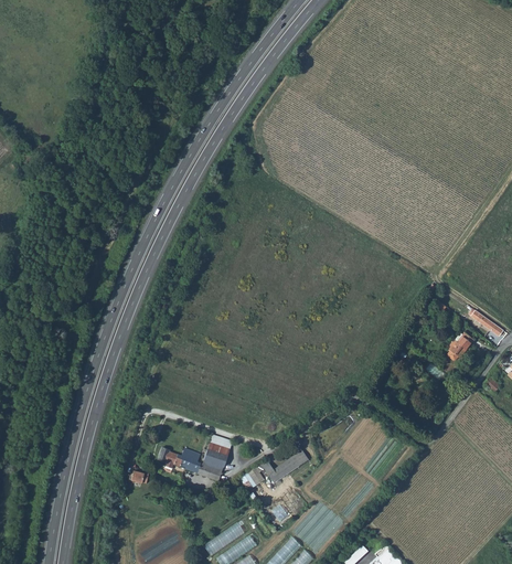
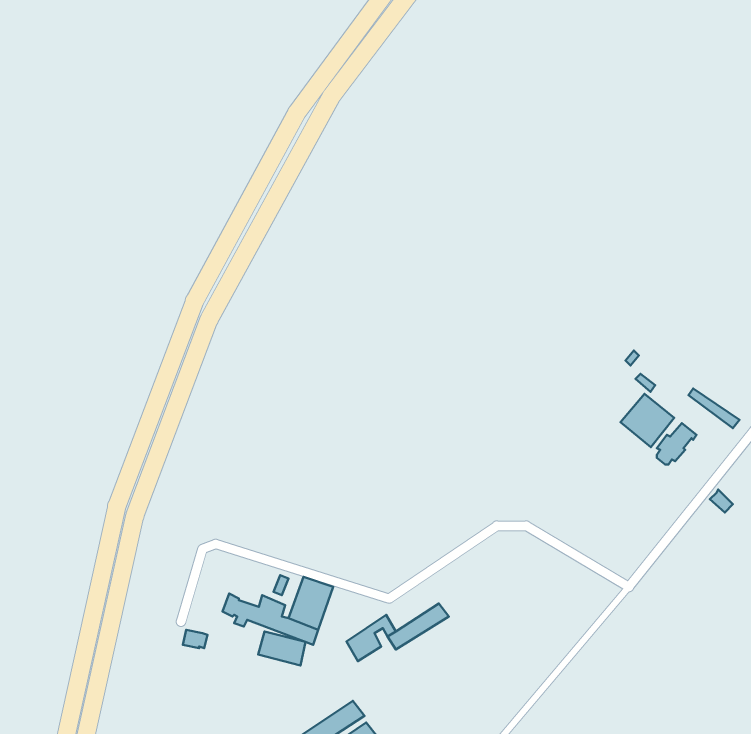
building: none -> [621,394,674,447]
building: none -> [258,631,306,666]

